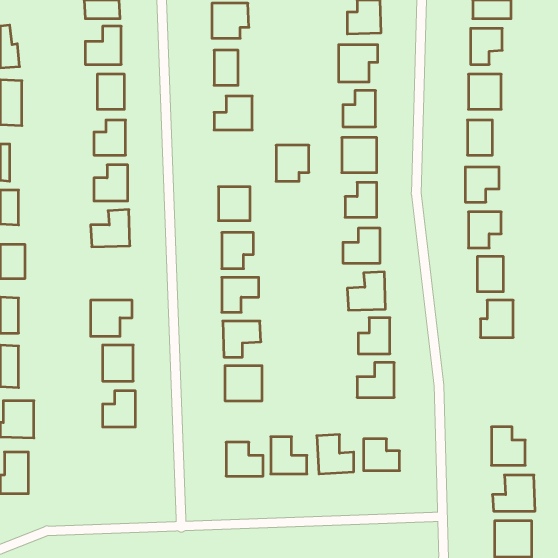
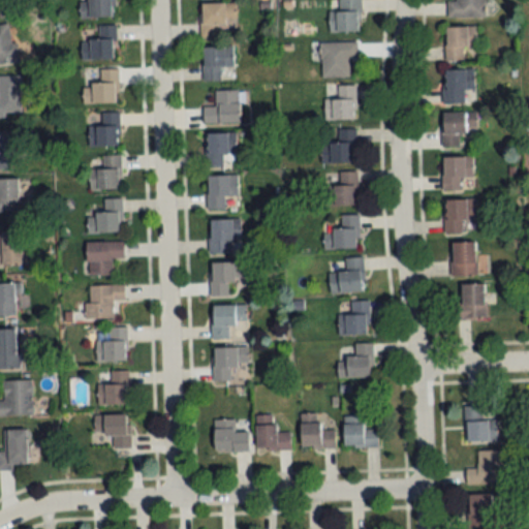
building: [276,145,309,181] -> [205,134,236,168]
building: none -> [86,242,123,275]
building: none -> [95,413,130,449]

